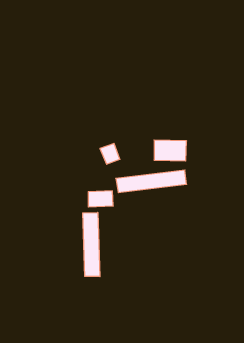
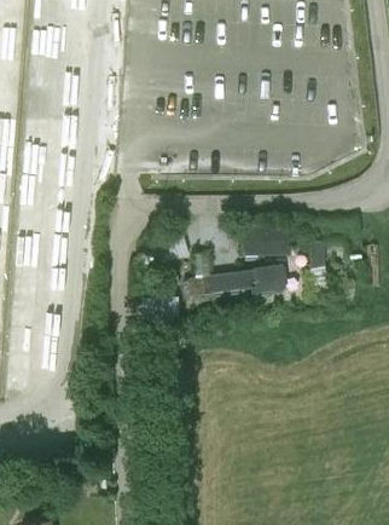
building: [83,212,100,277] -> none

